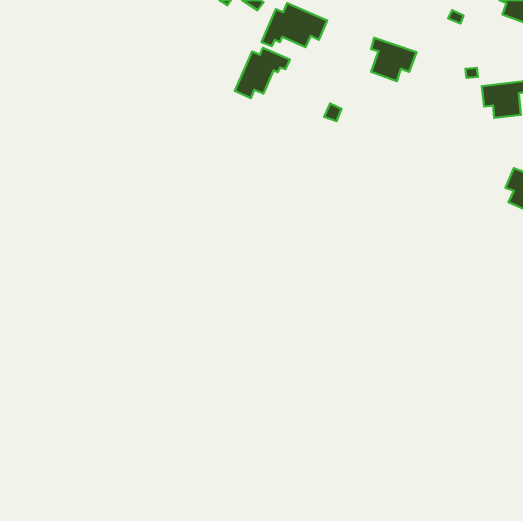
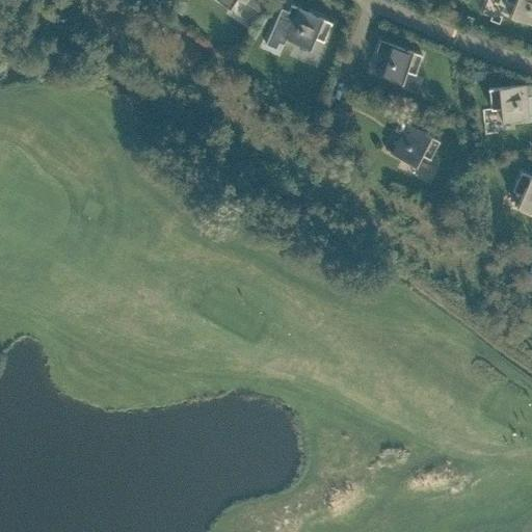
building: [235,48,290,98] -> none
building: none -> [392,122,441,167]

